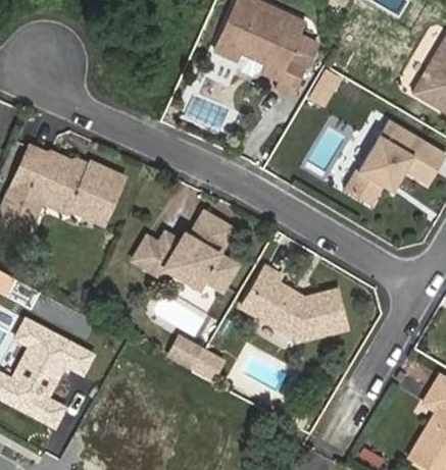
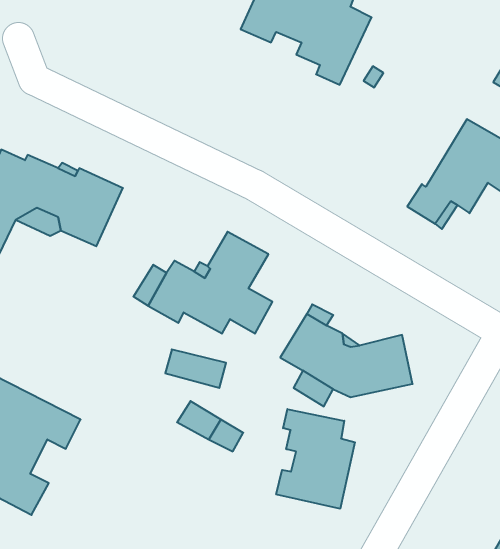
building: none -> [276,409,355,509]

